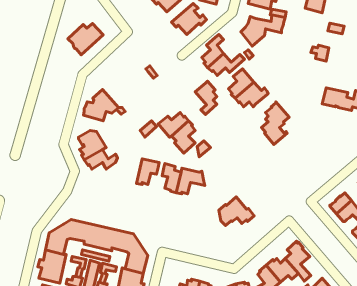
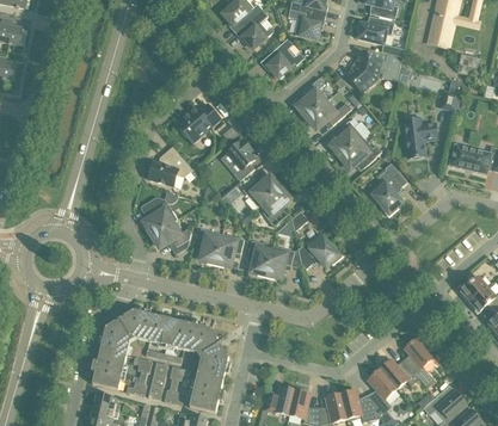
building: [68,24,103,55] -> [176,104,220,143]
building: none -> [404,119,436,158]
building: [195,81,217,114] -> [227,140,254,181]
building: none -> [197,228,222,265]
building: [219,197,254,225] -> [297,233,342,268]

